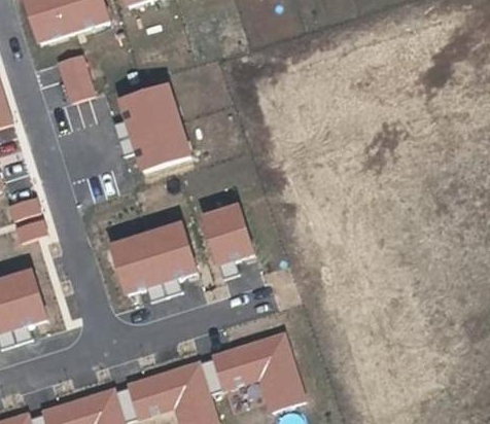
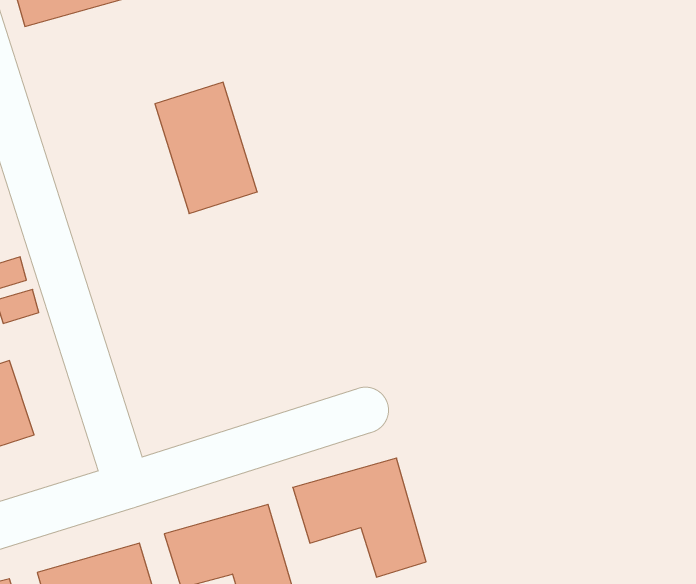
building: [58,54,95,102] -> none
building: [203,205,252,266] -> none
building: [110,220,196,292] -> none

